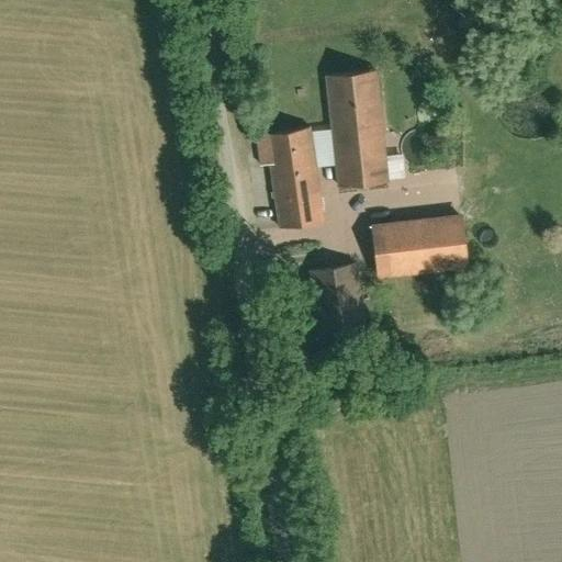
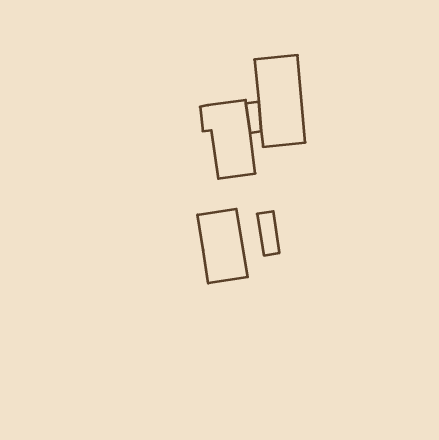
building: [374,214,472,278] -> none
building: none -> [198,209,248,283]

